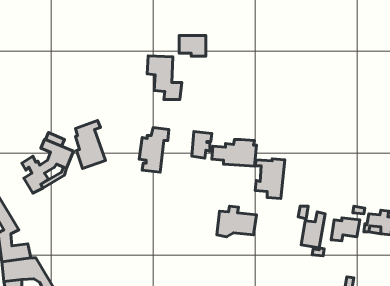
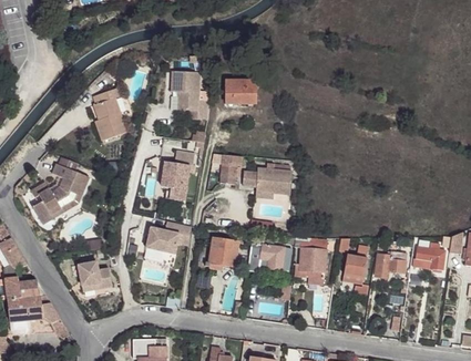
building: [179,35,206,56] -> [225,80,255,103]
building: [76,121,105,168] -> [93,87,126,141]
building: [255,159,285,199] -> [294,239,327,283]
building: none -> [146,221,191,254]
building: none -> [208,238,238,266]
building: none -> [78,261,112,288]

